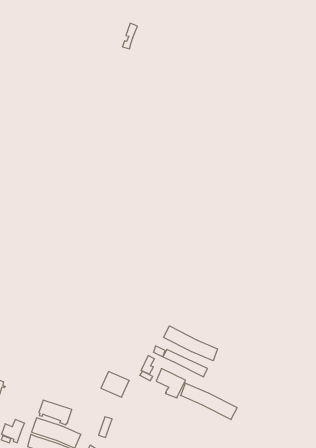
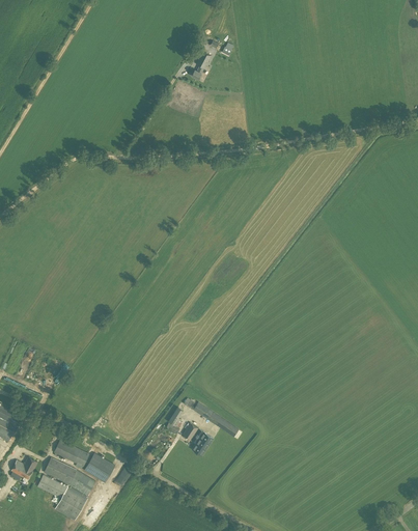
building: [164,326,218,361] -> none
building: [101,372,129,397] -> [84,452,115,481]
building: [181,383,237,420] -> none

